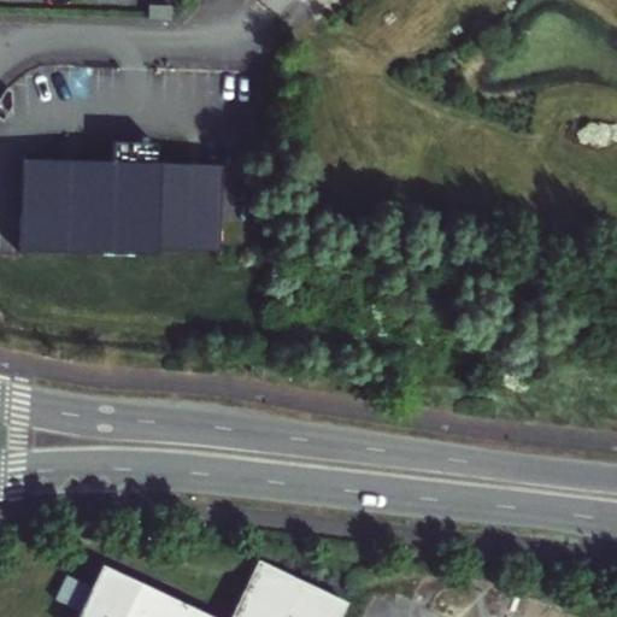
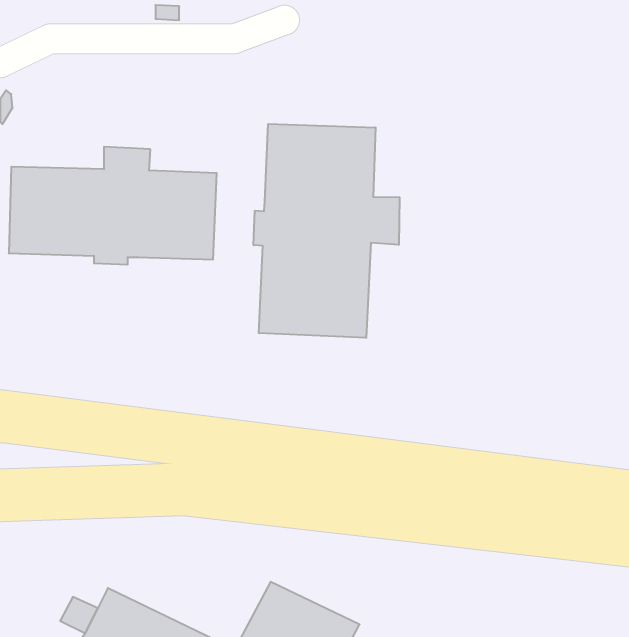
building: none -> [254,124,400,338]

